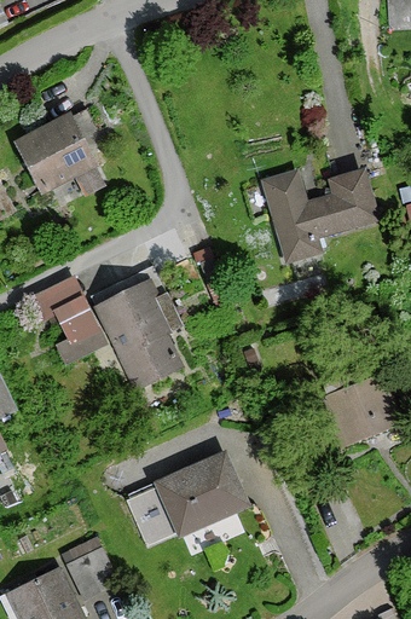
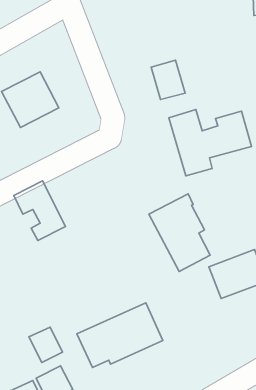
building: none -> [151,60,185,99]
building: [94,272,185,387] -> [149,194,210,272]
building: none -> [29,327,62,363]

